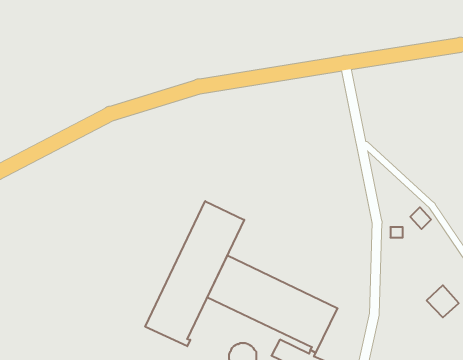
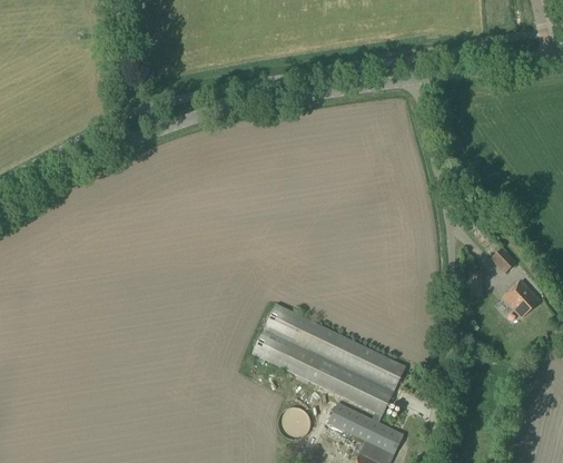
building: [145,201,244,346] -> none
building: [427,285,459,317] -> [503,279,541,317]

